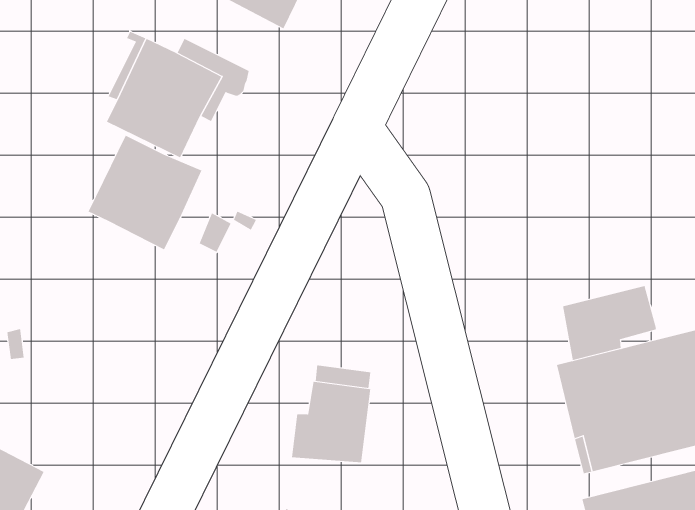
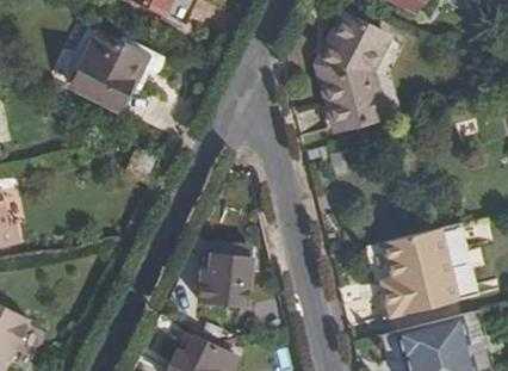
building: none -> [321,16,390,128]
building: [88,135,202,250] -> none
building: [563,285,657,361] -> none

